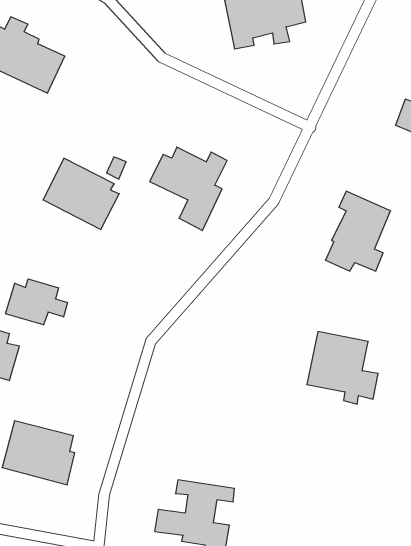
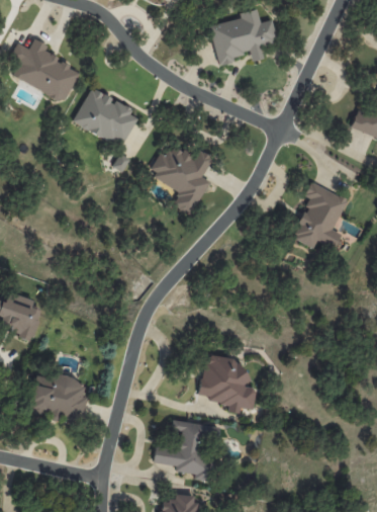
building: [43,158,119,229] -> [74,88,136,147]
building: [6,279,68,325] -> none
building: [307,332,378,404] -> [198,354,257,414]

